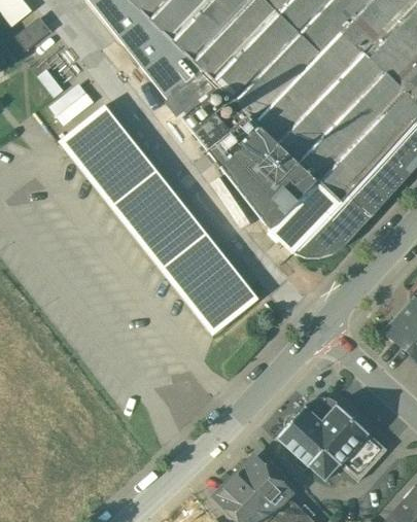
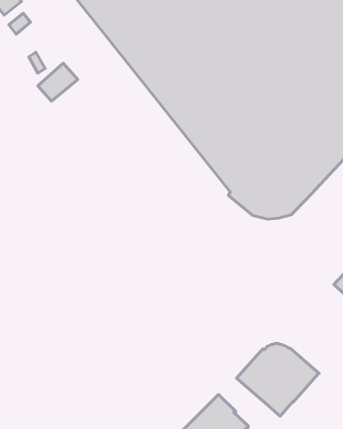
building: [62,107,256,334] -> none
building: [340,432,387,482] -> none

